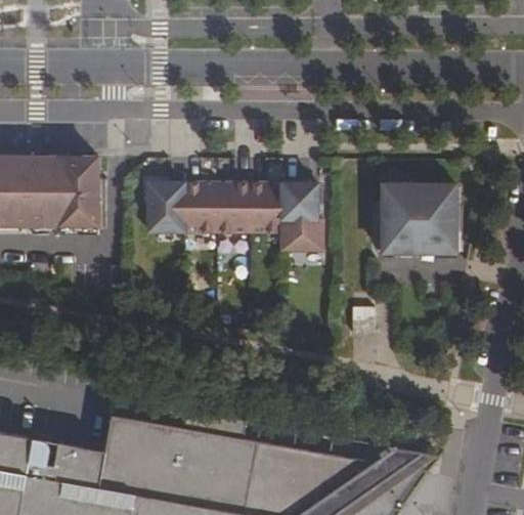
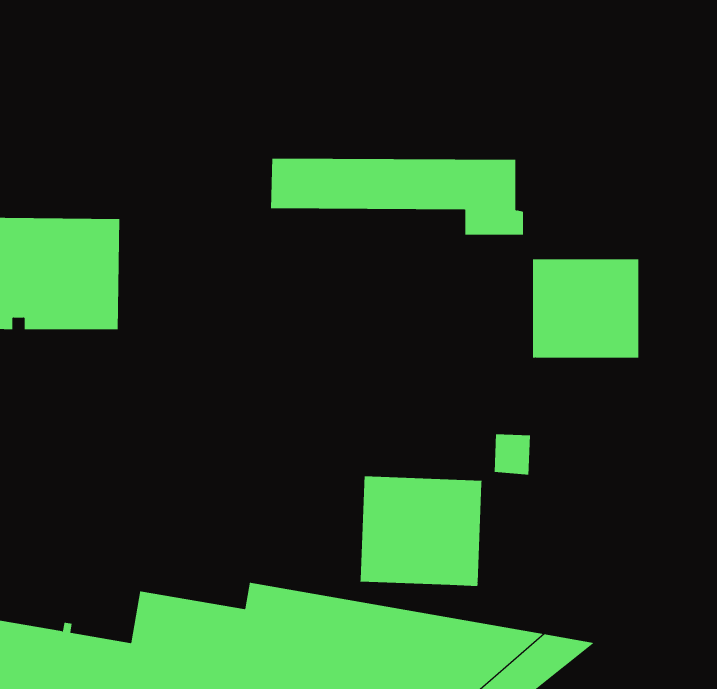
building: [147,185,322,239] -> [270,158,524,235]
building: none -> [360,476,482,587]

